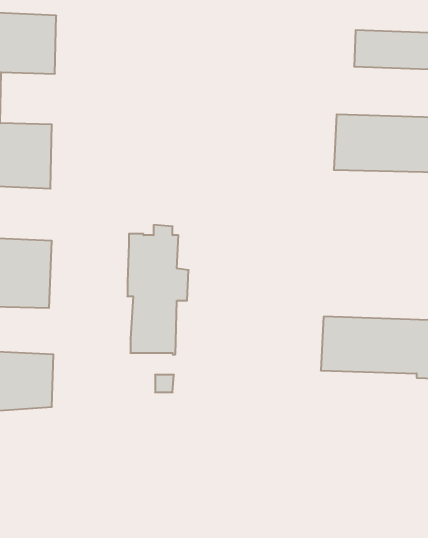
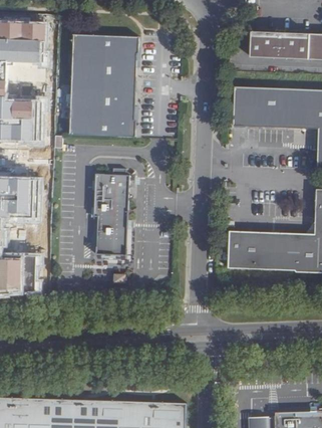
building: none -> [69,37,137,137]

